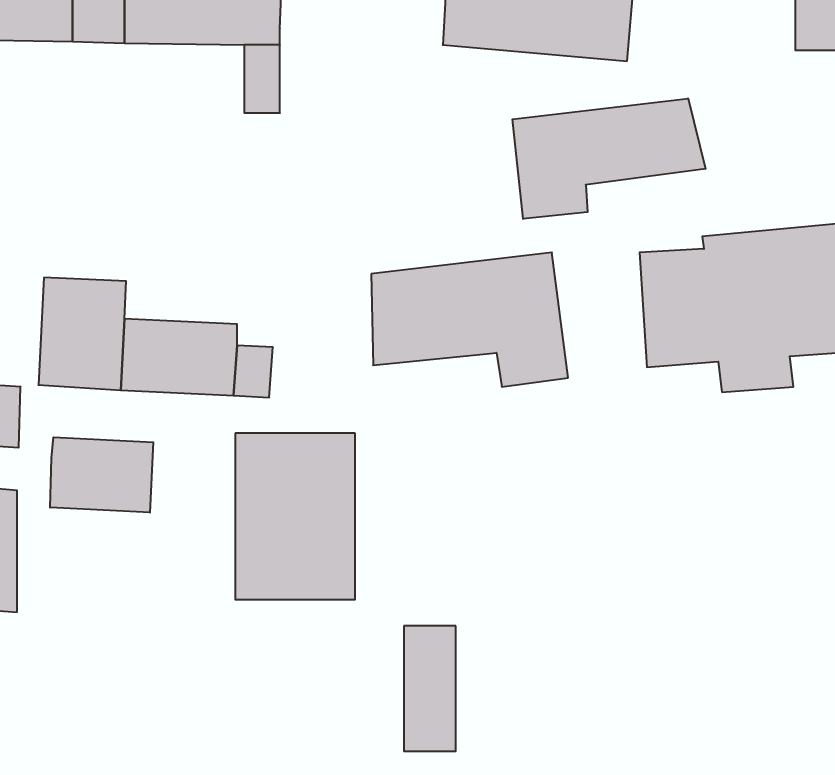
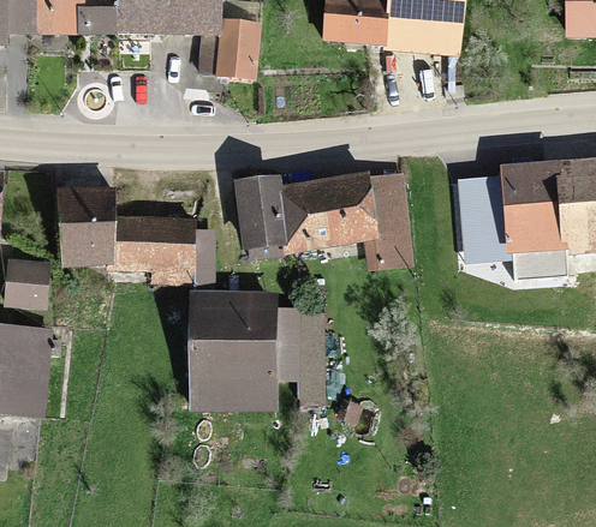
building: none -> [221,24,256,82]
building: [512,98,705,219] -> none
building: none -> [237,181,284,251]
building: [50,437,153,513] -> none
building: [404,626,456,751] -> [272,310,306,394]

